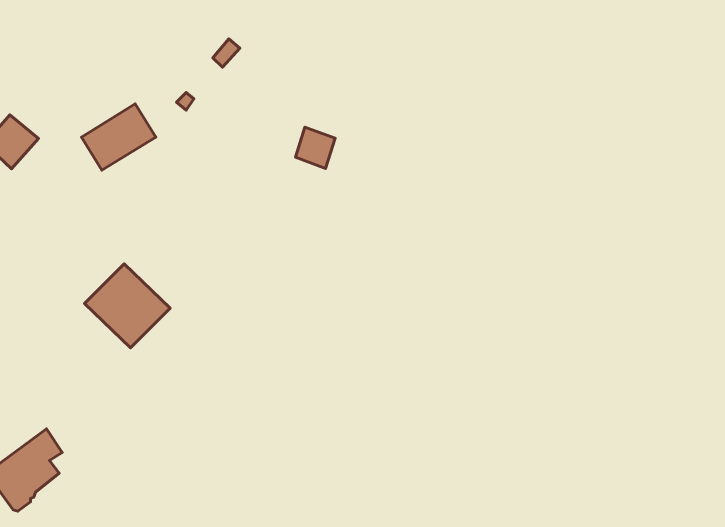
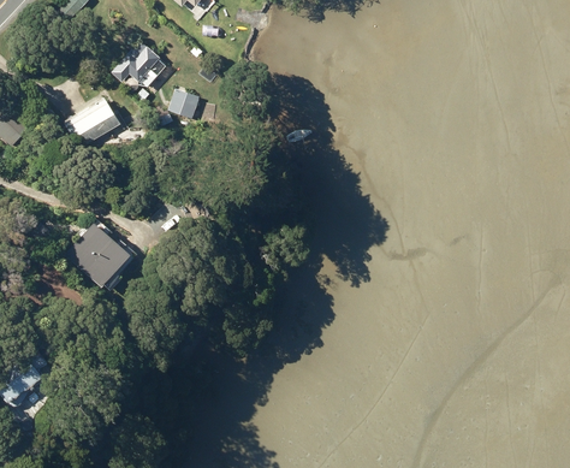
building: none -> [112,41,161,85]
building: [295,127,335,168] -> [168,89,198,120]

